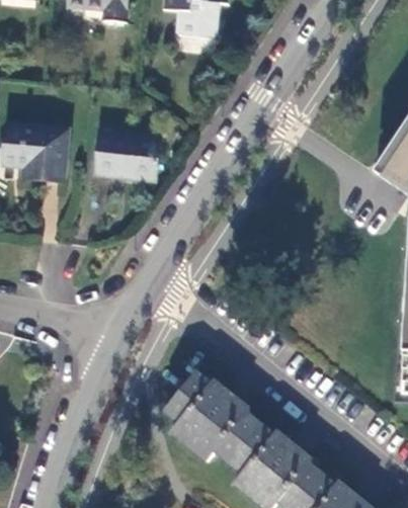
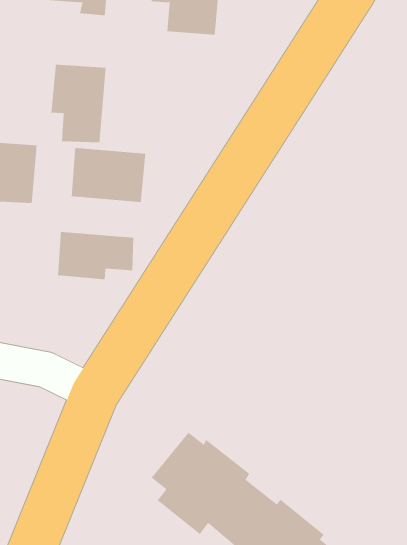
building: none -> [51,64,106,143]
building: none -> [58,231,134,280]

